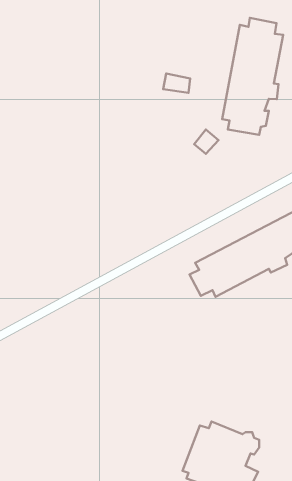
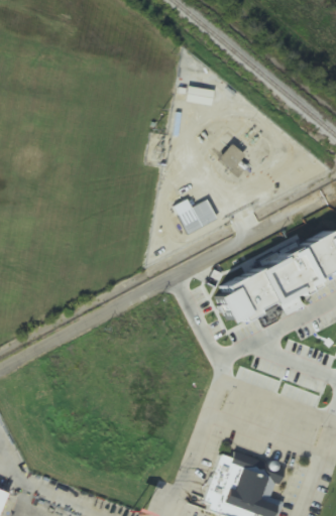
building: [222,18,283,135] -> none
building: none -> [178,203,217,237]

